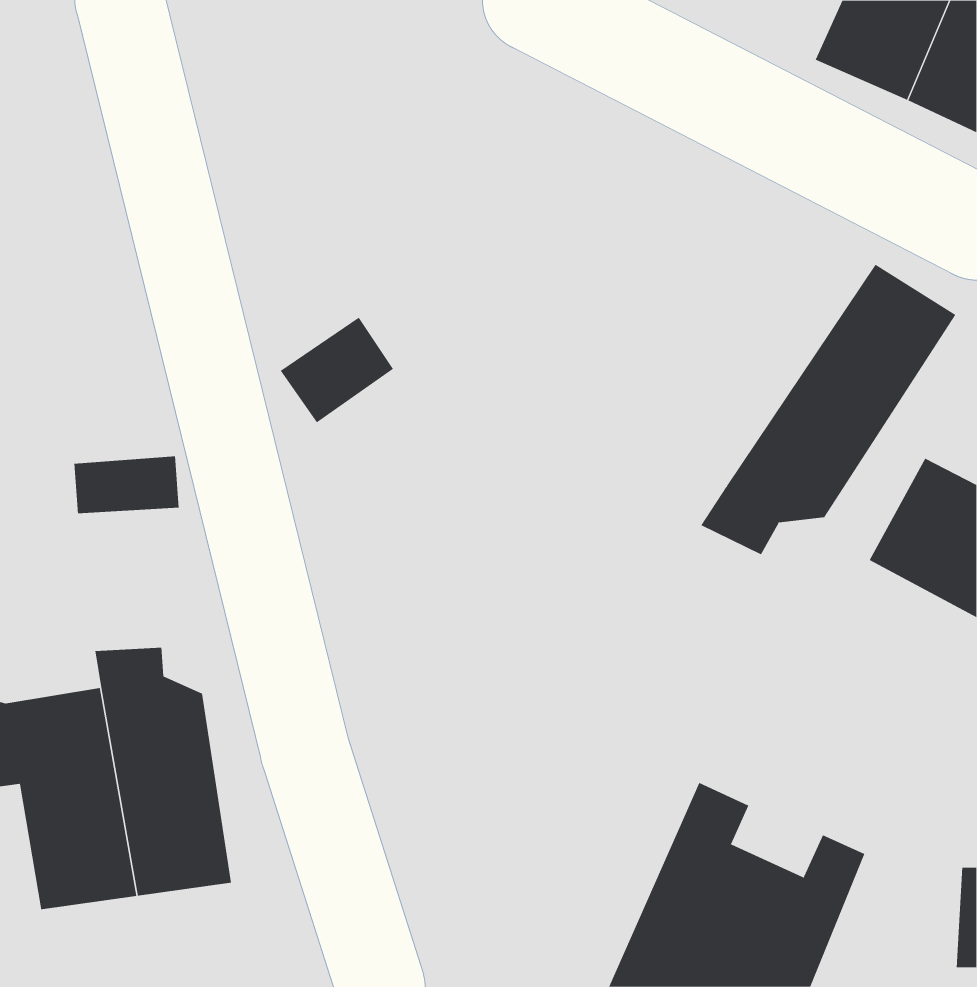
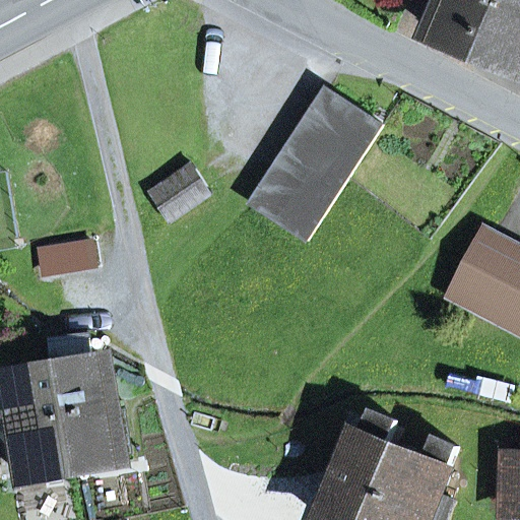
building: none -> [250,91,380,243]
building: [701,264,956,555] -> none

